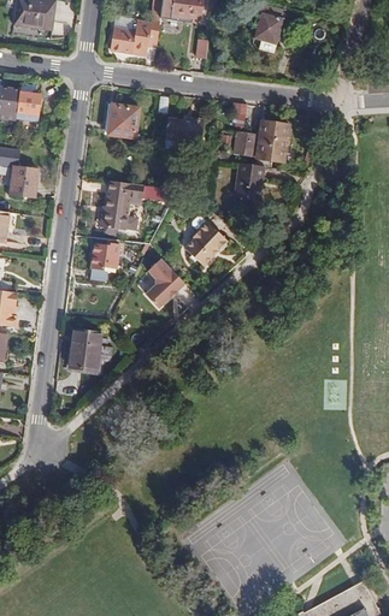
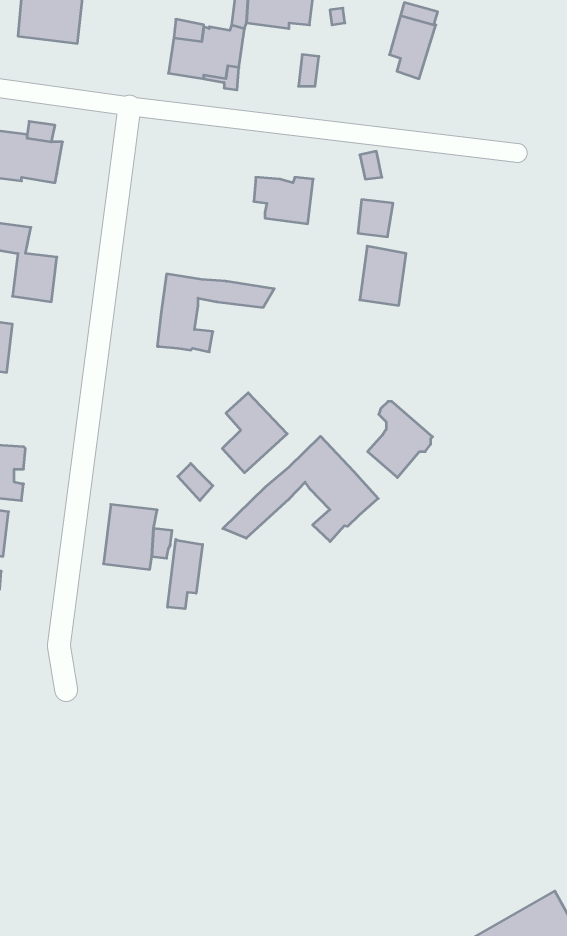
building: [107,102,140,138] -> none
building: [255,119,289,162] -> none
building: [183,215,225,265] -> [368,401,433,478]
building: [89,242,119,280] -> none
building: none -> [223,436,378,542]
building: none -> [168,539,203,609]

